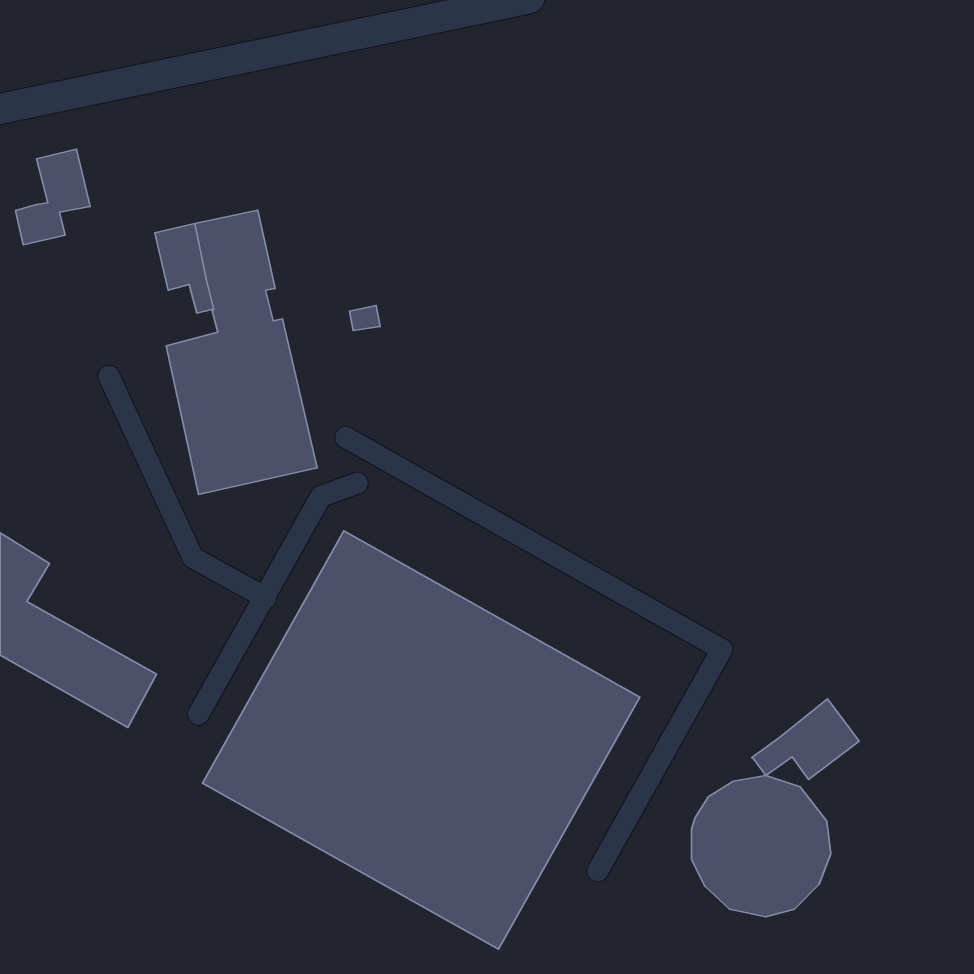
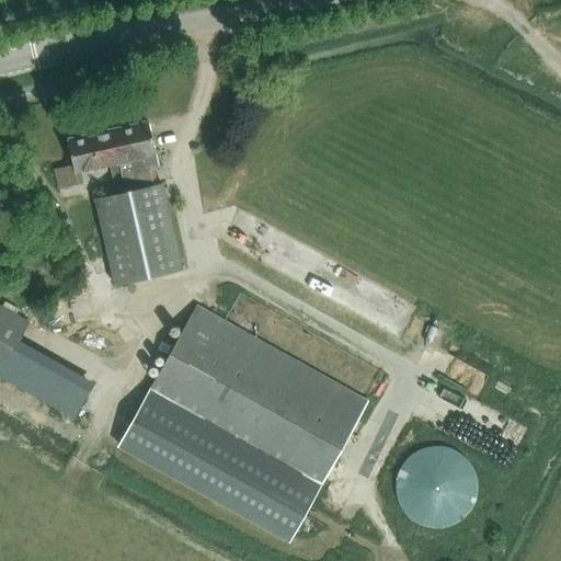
building: [16,149,90,245] -> [55,134,98,188]
building: [752,699,859,780] -> none

